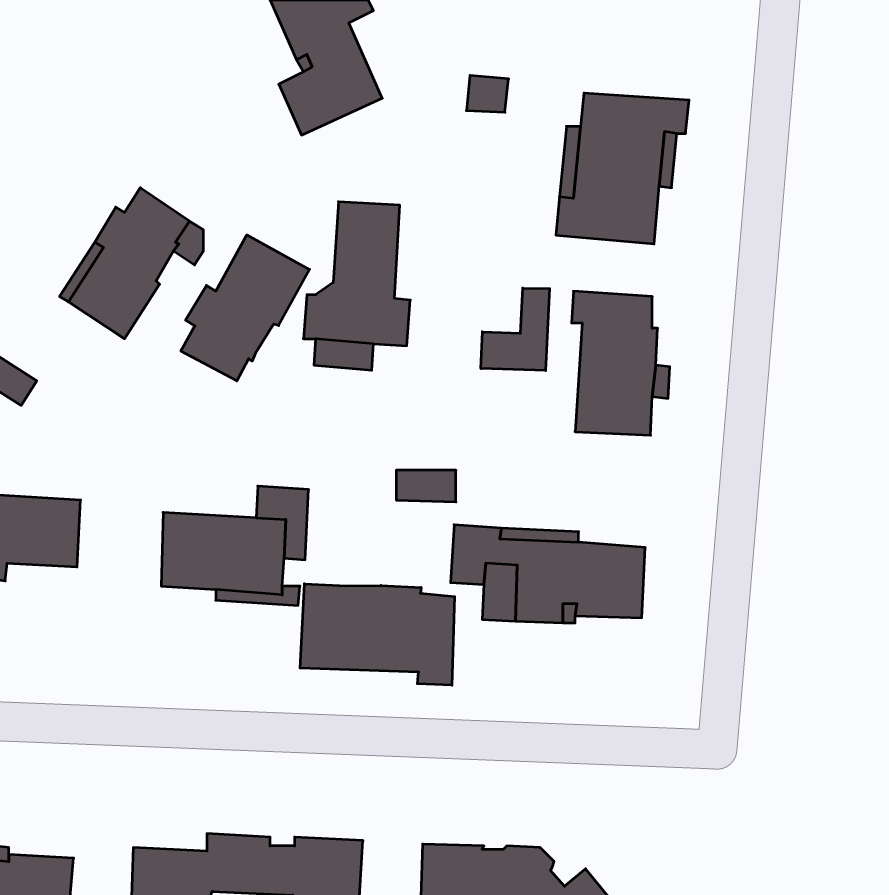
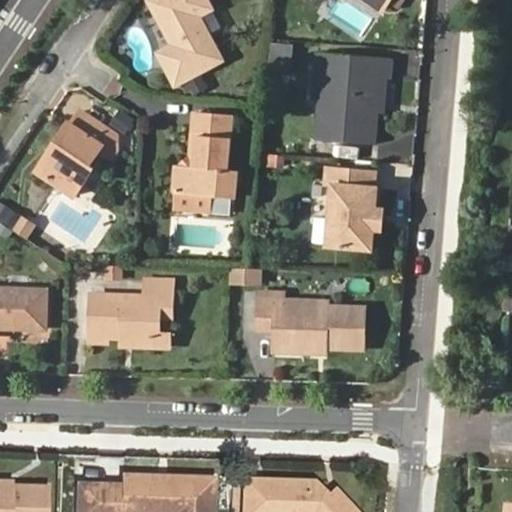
building: [181,235,310,381] -> none
building: [481,288,550,371] -> none
building: [300,584,455,685] -> none

